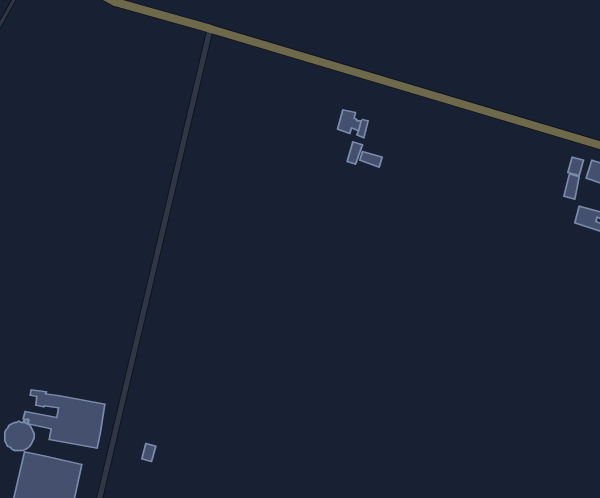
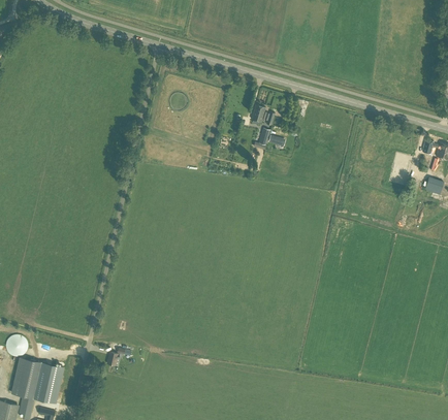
building: [23,390,105,448] -> none

